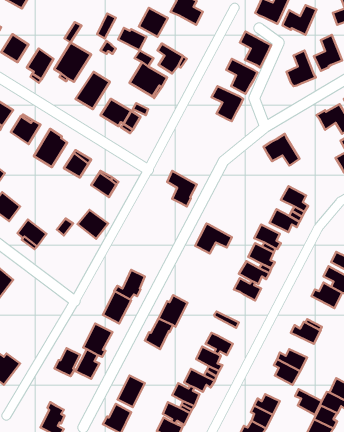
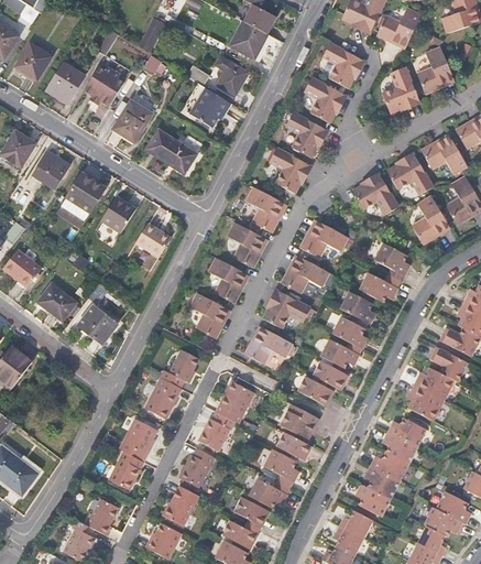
building: [139,8,168,37] -> [230,21,267,58]
building: [118,28,146,50] -> none
building: none -> [269,148,309,193]
building: none -> [386,154,433,194]
building: none -> [245,186,284,232]
building: none -> [412,195,449,243]
building: none -> [300,220,348,257]
building: none -> [282,256,330,292]
building: none -> [209,258,248,302]
building: [78,210,108,239] -> [75,306,114,344]
building: none -> [190,293,229,338]
building: none -> [245,326,294,364]
building: none -> [298,376,334,404]
building: none -> [408,383,444,419]
building: none -> [282,408,317,437]
building: none -> [384,431,417,463]
building: none -> [179,448,215,488]
building: [54,348,80,376] -> [86,499,119,535]
building: [295,389,322,415] -> [356,482,390,516]

